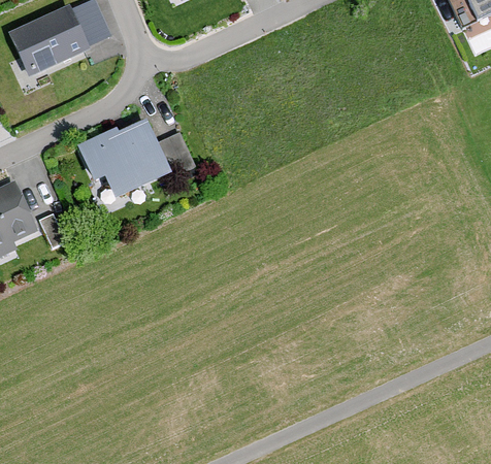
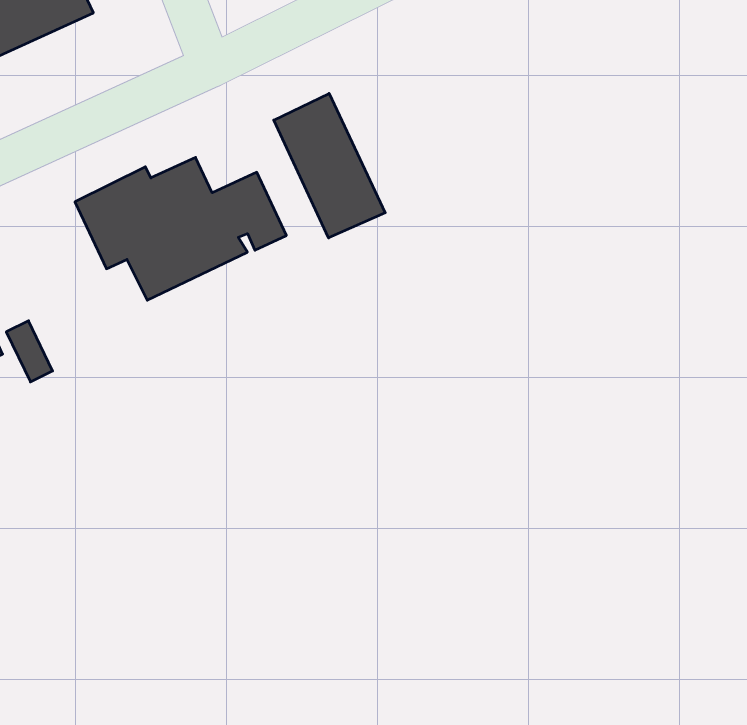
building: none -> [274,93,385,238]

